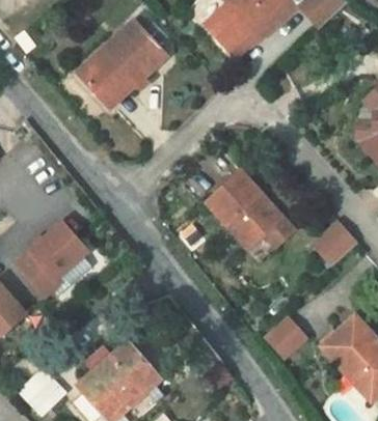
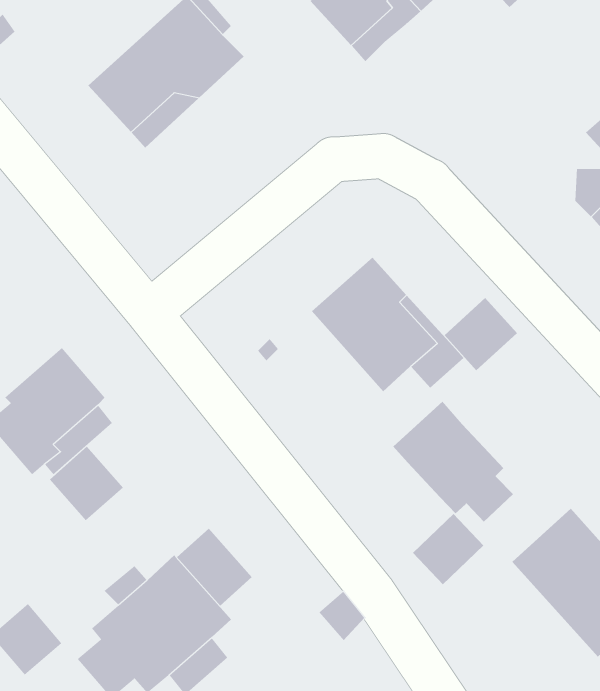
building: [314,222,356,264] -> [444,297,518,371]
building: none -> [393,401,514,522]
building: none -> [49,446,124,521]
building: none -> [176,528,253,606]

